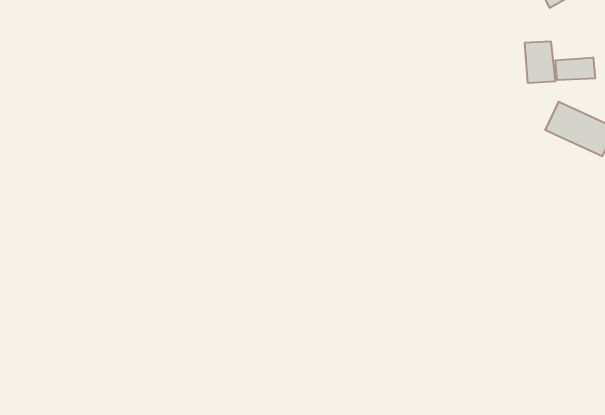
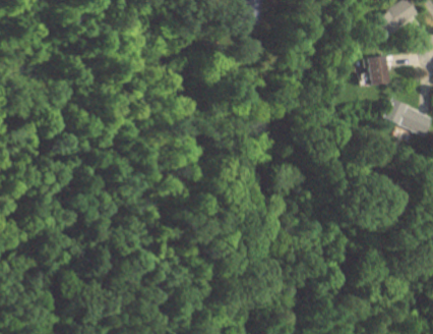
building: [555,57,595,80] -> none

